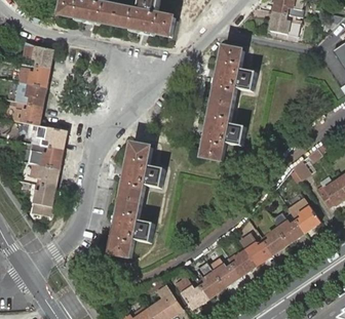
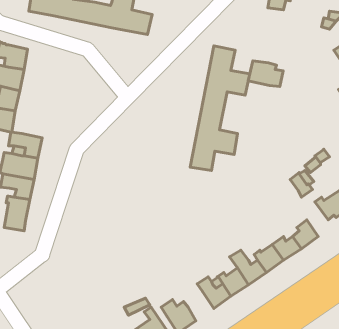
building: [269,11,301,35] -> [248,61,283,86]
building: [111,144,164,256] -> none
building: [198,264,224,297] -> none

